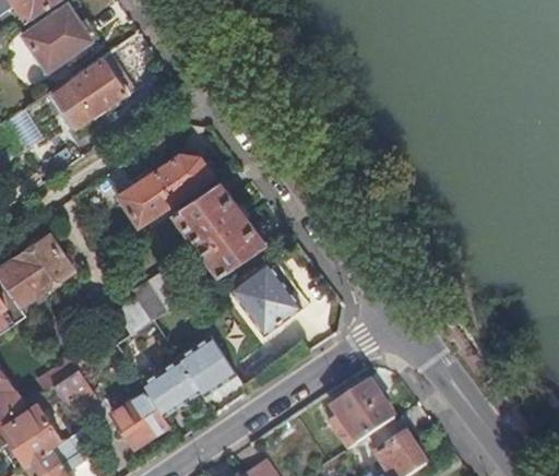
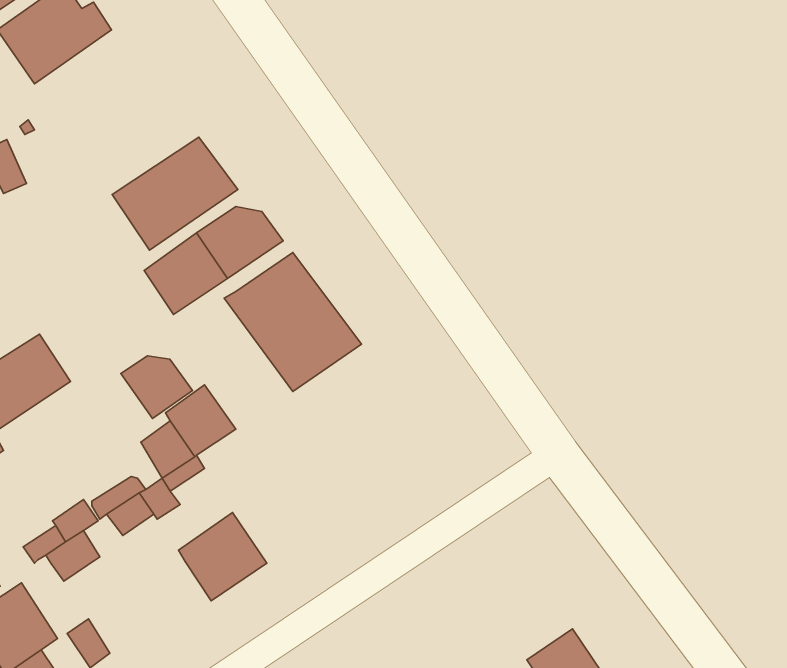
building: [50,51,134,127] -> [112,137,238,250]
building: none -> [121,356,192,419]
building: [230,262,300,334] -> none
building: [178,334,236,396] -> none
building: [328,383,392,451] -> none
building: [111,390,169,447] -> none

